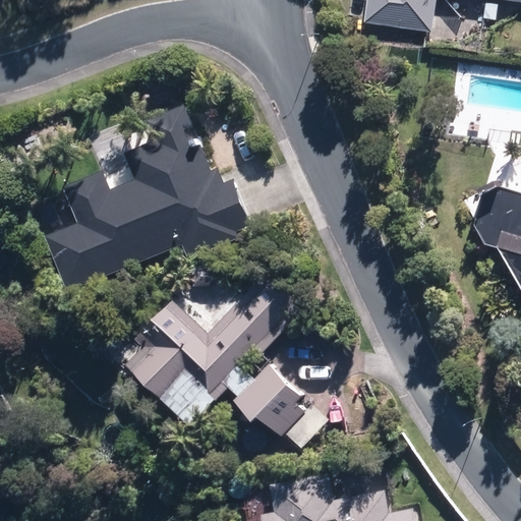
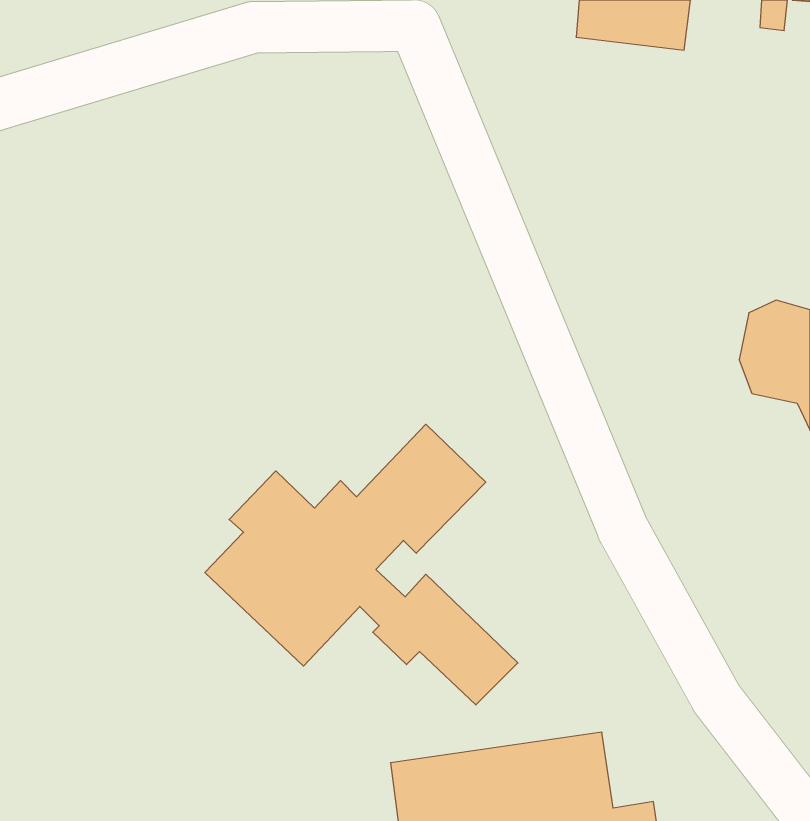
building: [45,115,249,289] -> none

